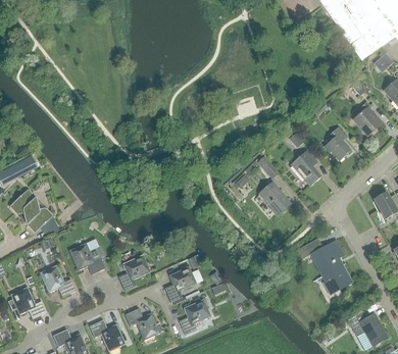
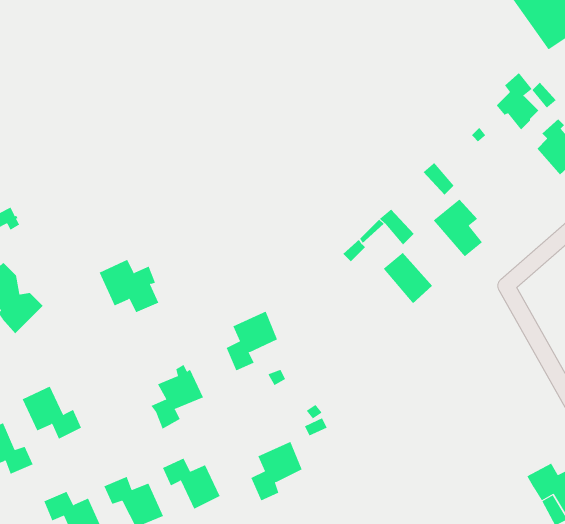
building: [324,125,350,161] -> [496,72,539,131]
building: [297,240,349,294] -> none
building: [68,242,105,274] -> [99,259,159,313]
building: [164,265,196,302] -> [226,311,278,371]

